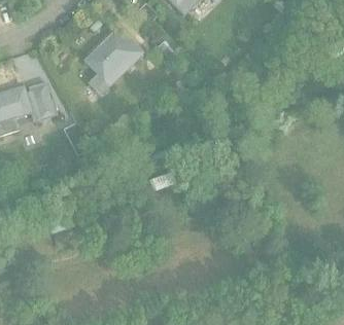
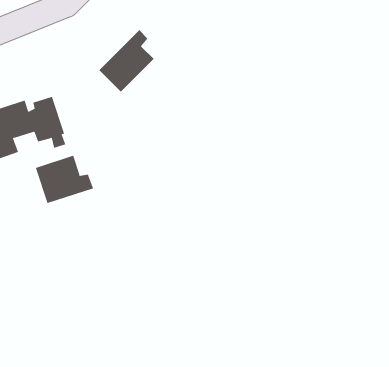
building: none -> [35,155,94,204]

